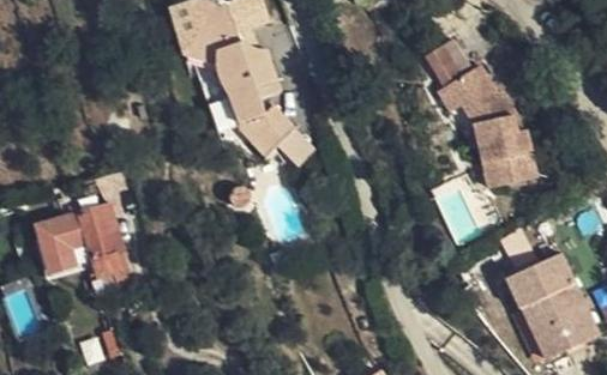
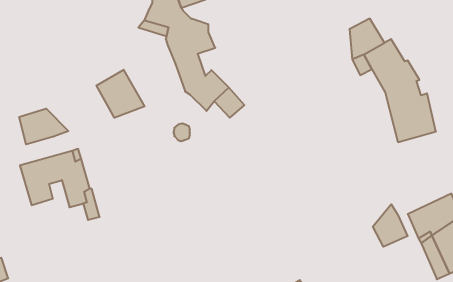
building: none -> [96,70,145,118]
building: none -> [19,109,68,144]
building: none -> [373,204,408,247]

